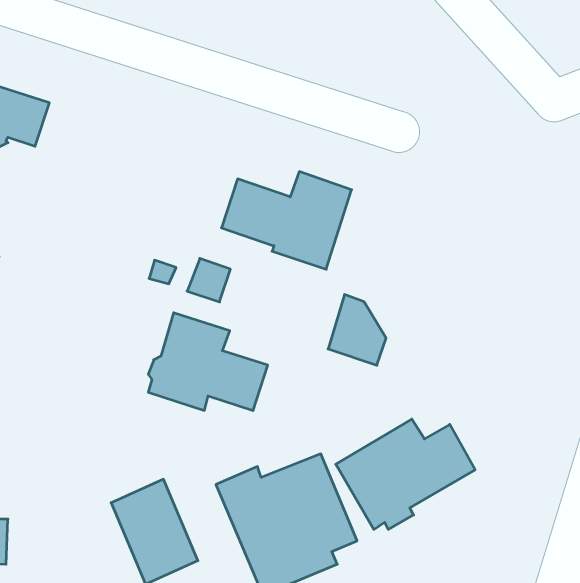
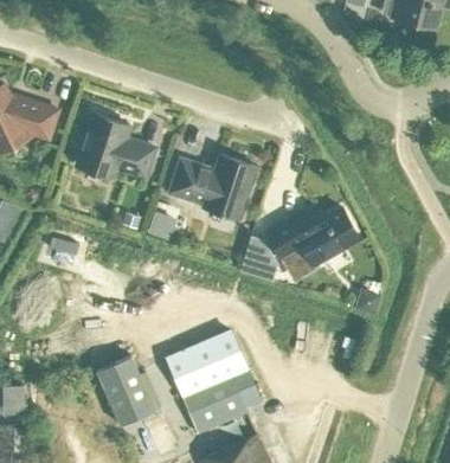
building: [148,313,268,410] -> [76,112,154,176]
building: [336,419,475,529] -> [266,204,358,276]

